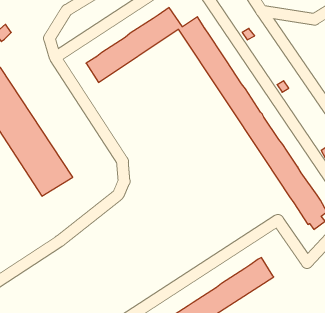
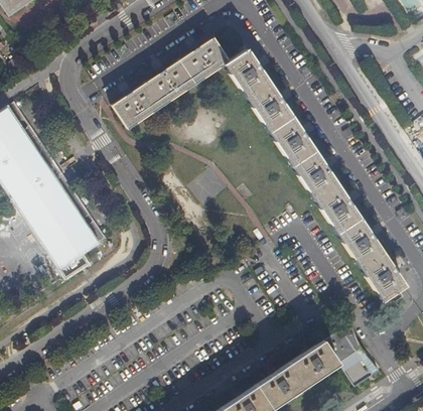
building: none -> [326,328,376,386]

